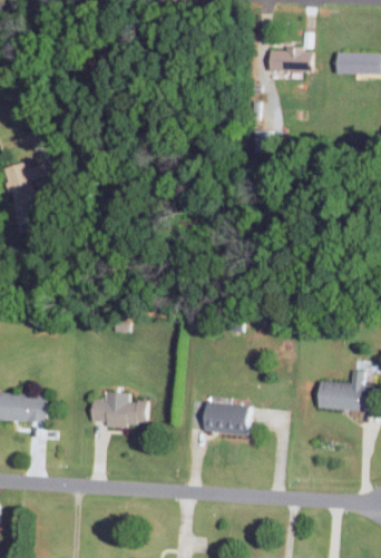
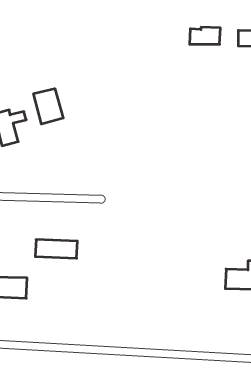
building: none -> [34,89,63,124]
building: [91,399,149,424] -> [35,240,77,258]
building: [203,402,254,433] -> none

